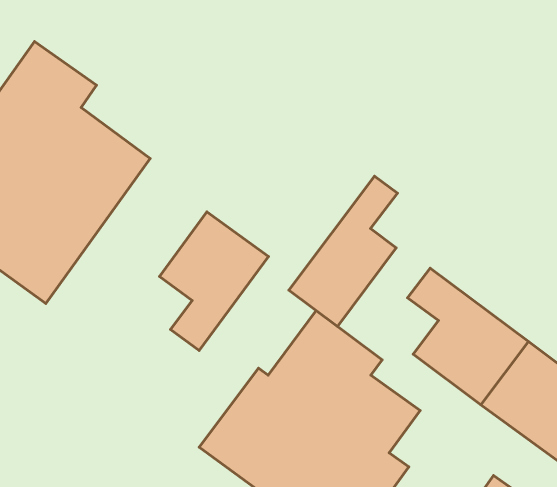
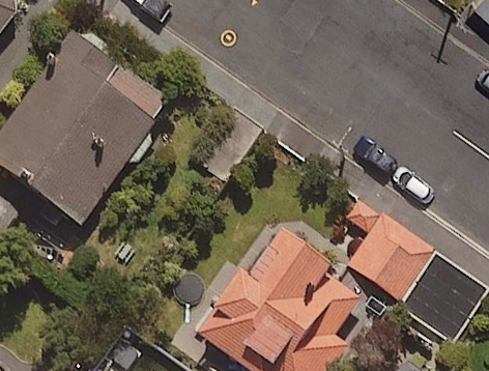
building: [289,176,398,326] -> none
building: [160,212,269,350] -> none

